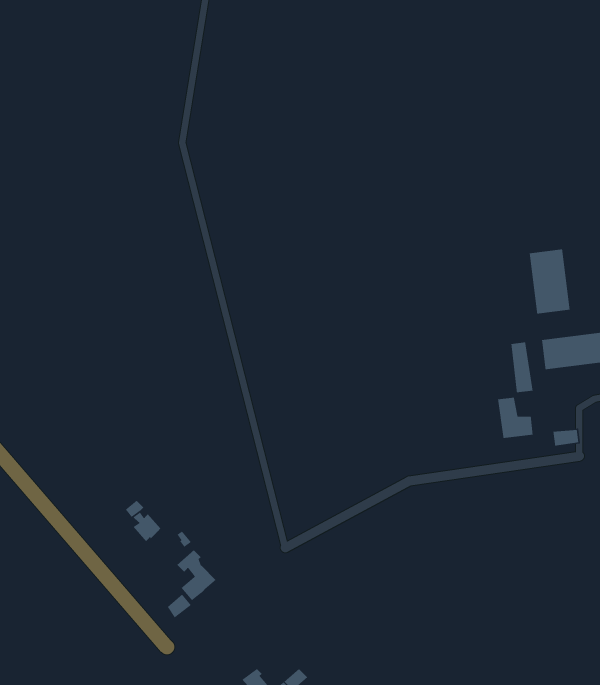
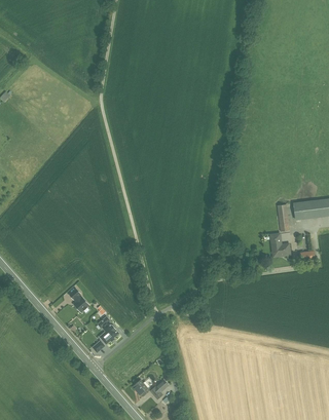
building: [529,249,571,314] -> none

